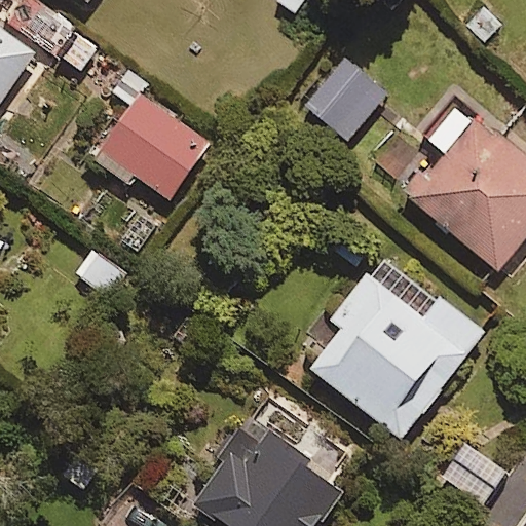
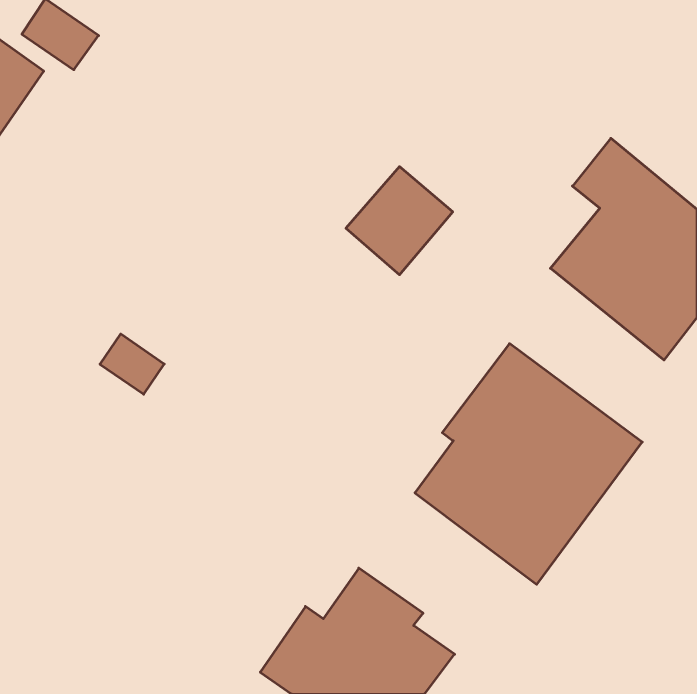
building: [306,60,386,141] -> [346,167,453,275]
building: [96,98,208,199] -> none

